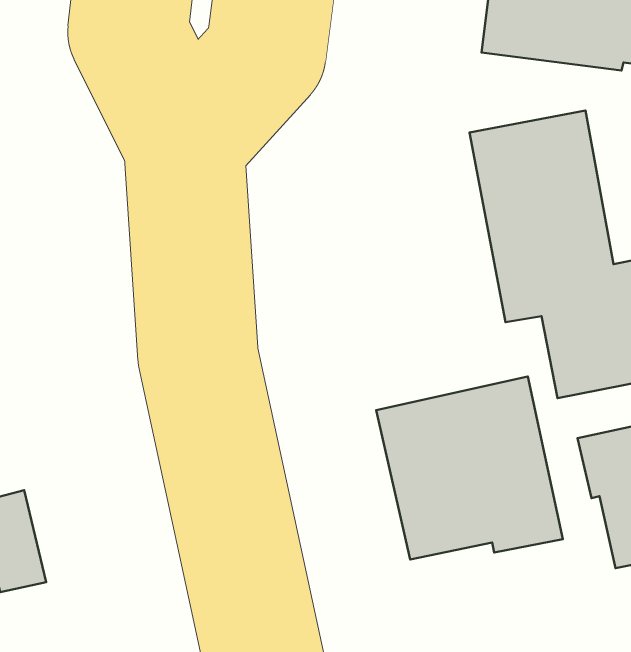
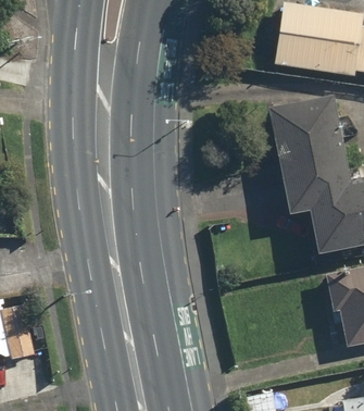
building: [376,377,563,559] -> none

